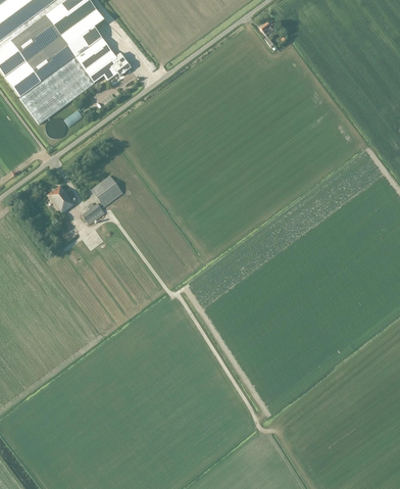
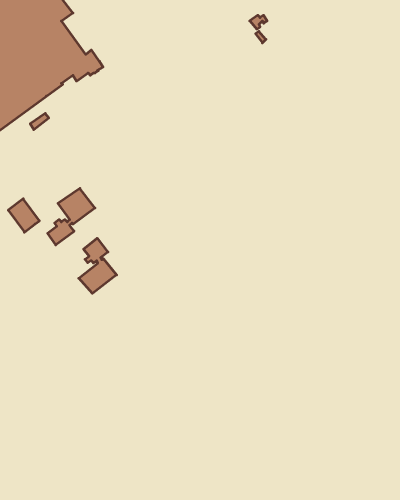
building: none -> [79,238,117,293]

